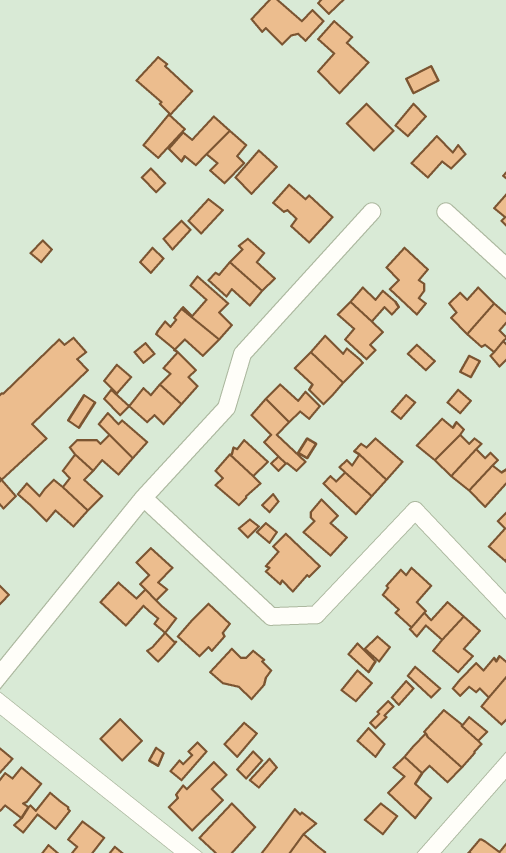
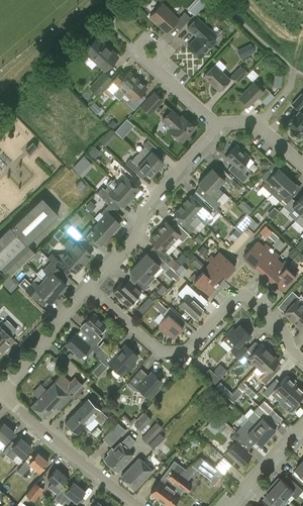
building: none -> [112,280,141,307]
building: none -> [30,374,83,419]
building: none -> [76,400,107,425]

